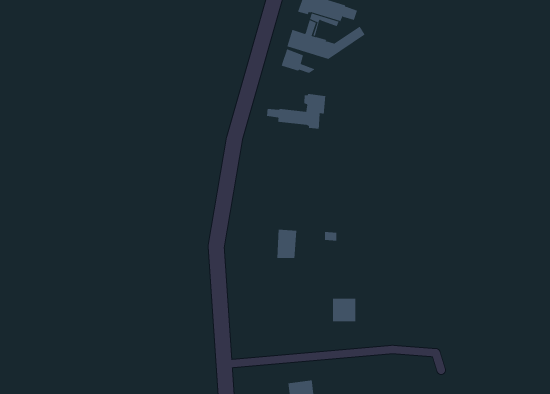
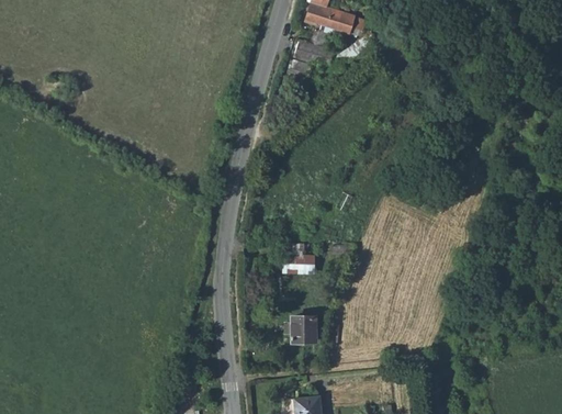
building: [266,93,326,130] -> none
building: [332,298,356,322] -> [291,317,315,342]

